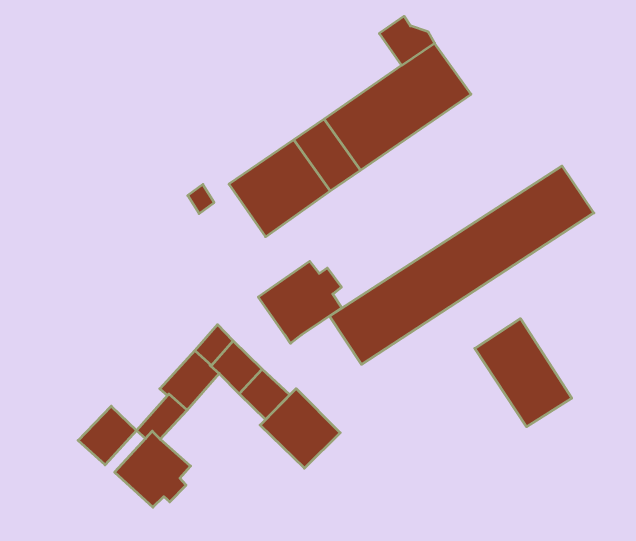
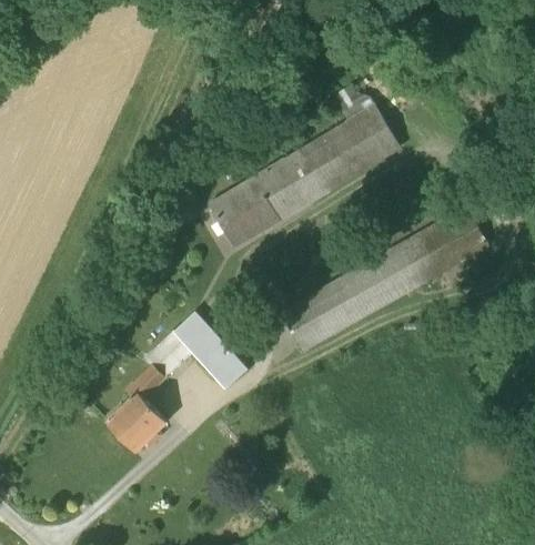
building: [258,261,342,343] -> none
building: [475,319,572,427] -> none
building: [260,389,340,468] -> none
building: [78,406,136,465] -> none

